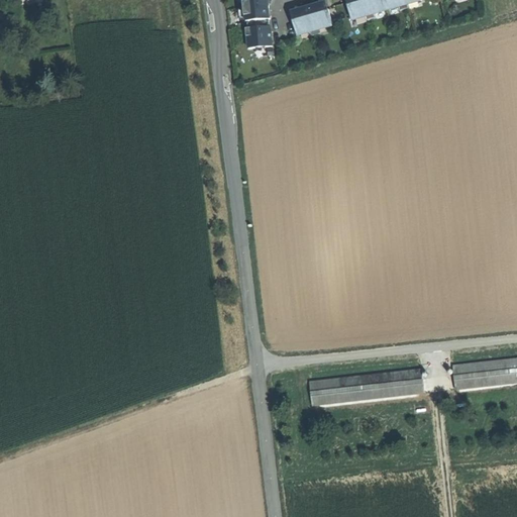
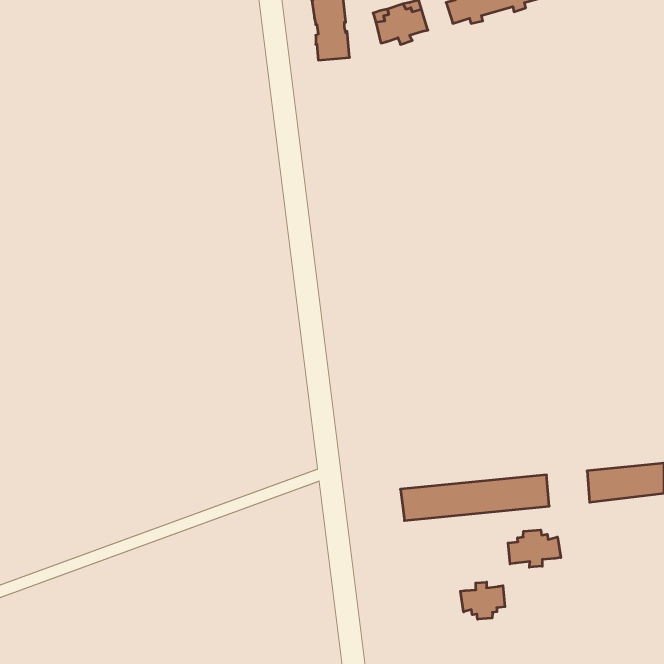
building: none -> [508,530,561,567]
building: none -> [460,582,505,619]

